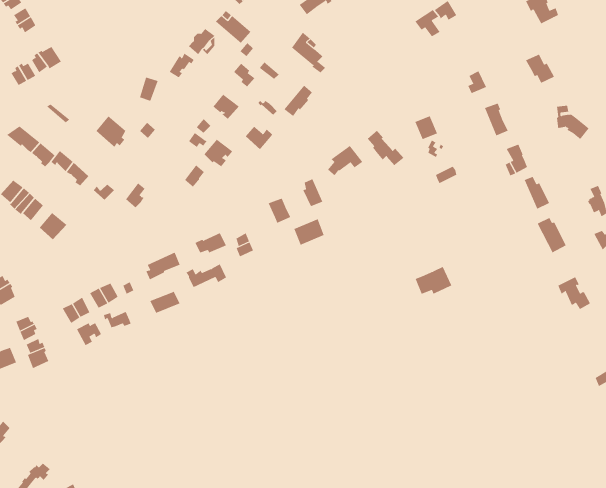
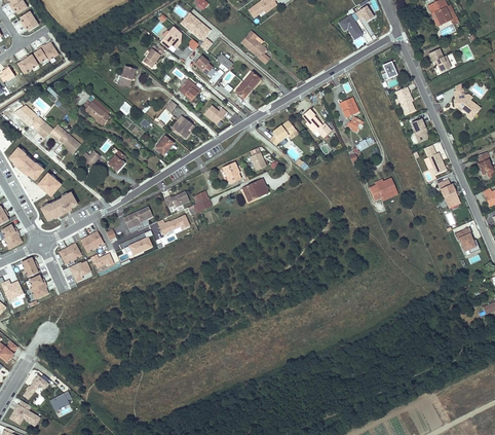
building: none -> [43,192,78,221]
building: [415,266,452,294] -> [368,177,397,200]

